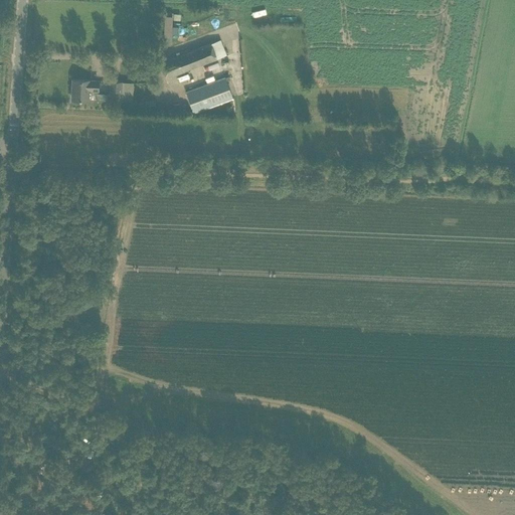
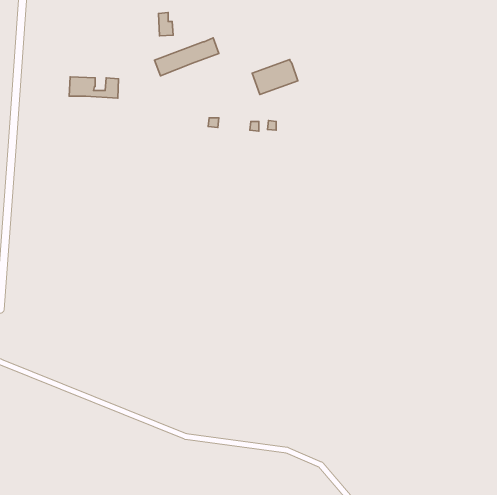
building: [185,78,232,115] -> [252,59,298,94]

